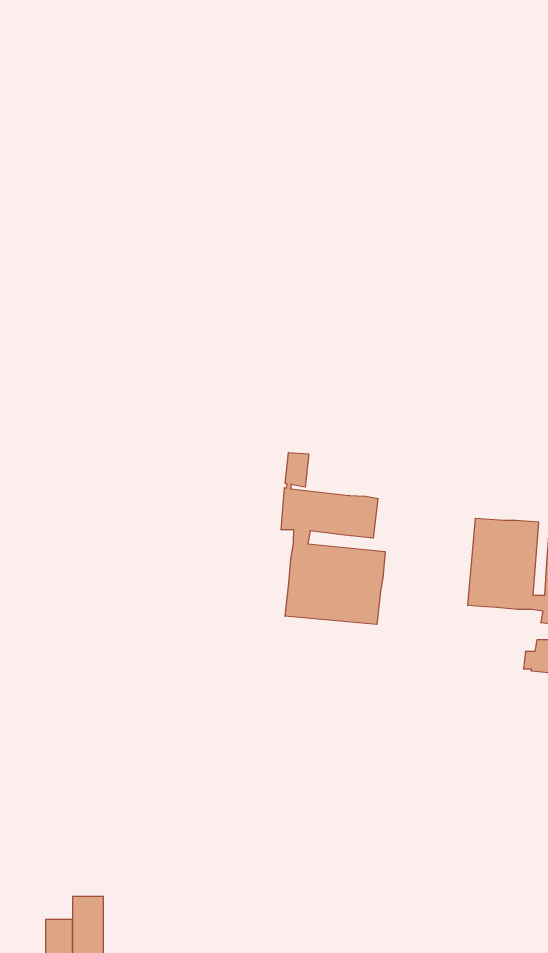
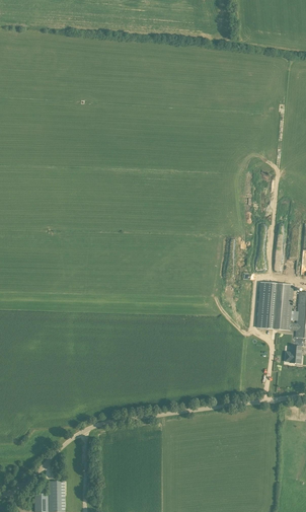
building: [281,452,385,624] -> none

